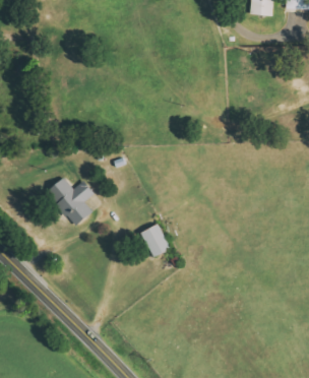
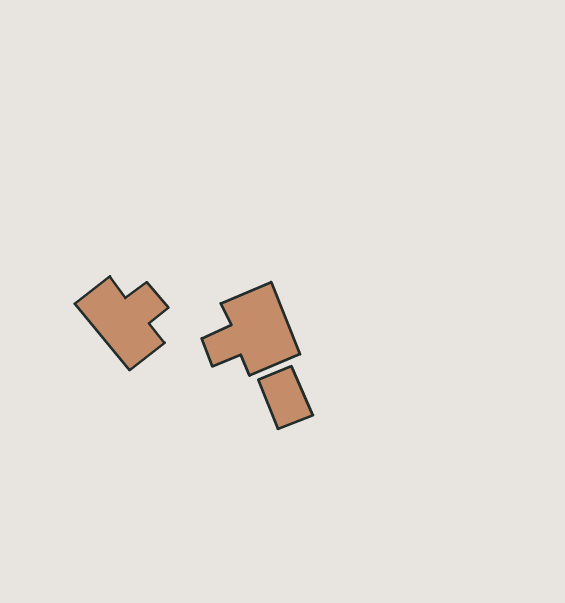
building: none -> [202,282,300,376]

